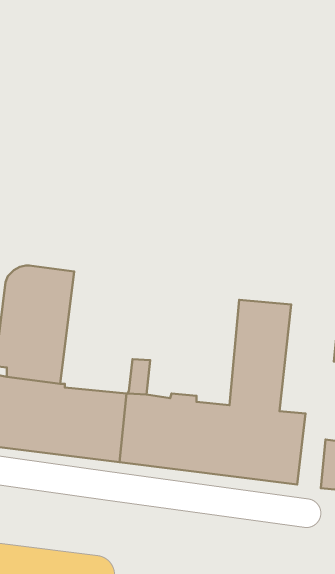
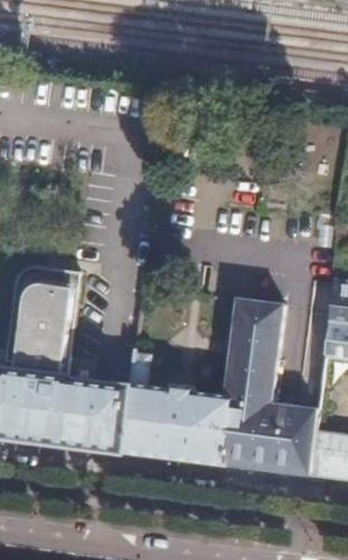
building: none -> [288,408,317,478]

